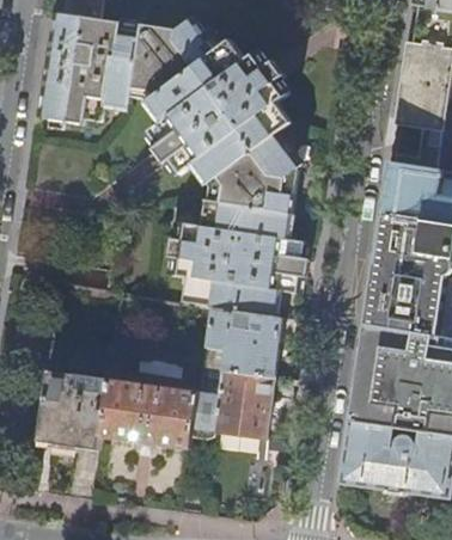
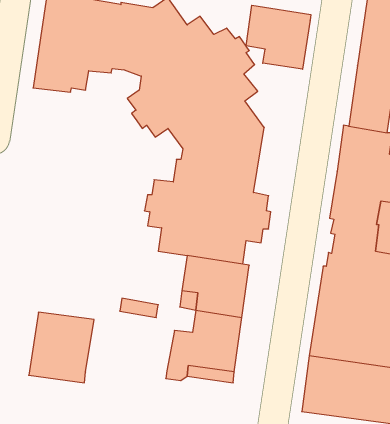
building: none -> [246,5,311,69]
building: [98,378,197,447] -> none

